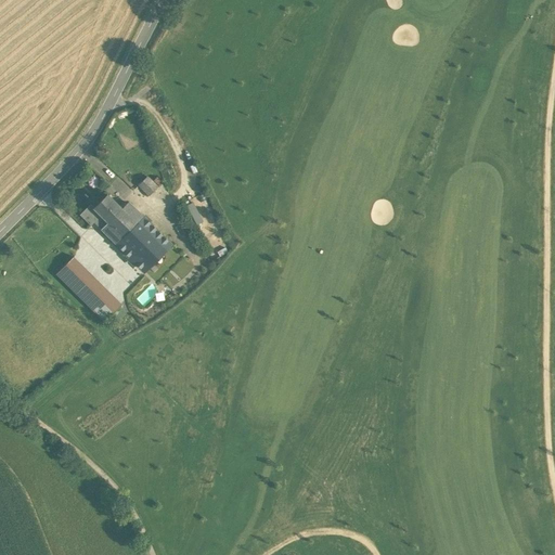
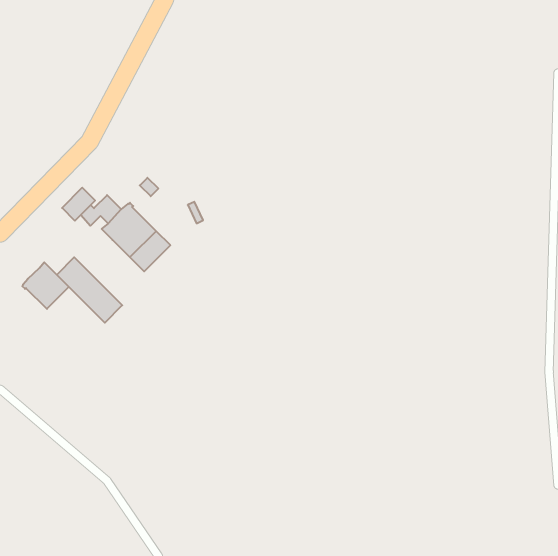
building: none -> [62,188,95,221]
building: none -> [22,262,69,309]

